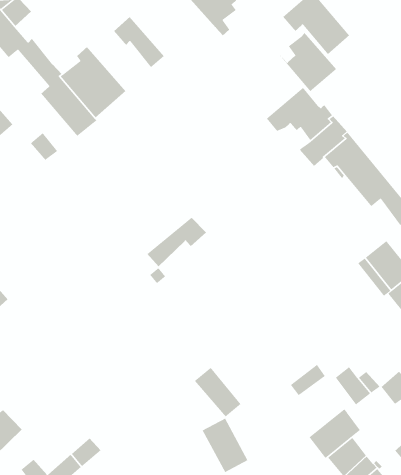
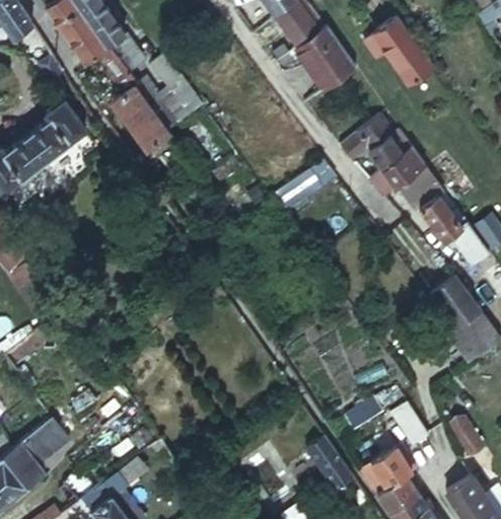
building: [113,16,165,68] -> [92,18,143,73]
building: [278,32,337,92] -> [295,28,354,90]
building: [147,217,207,267] -> [275,158,338,207]
building: [194,367,241,417] -> [305,437,352,490]

